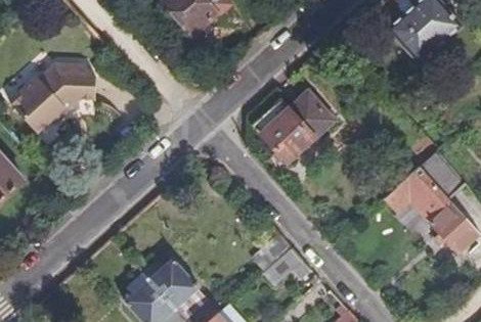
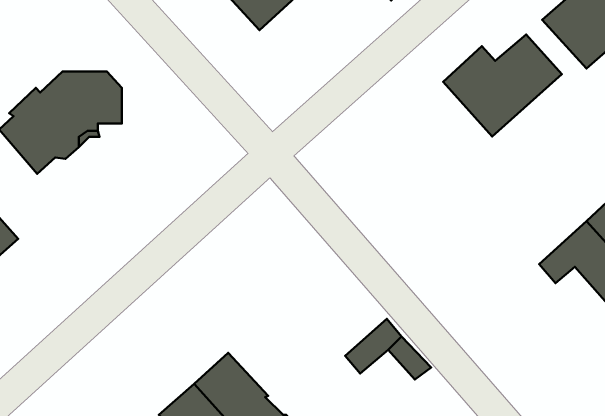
building: [252,92,334,163] -> [443,34,562,136]

